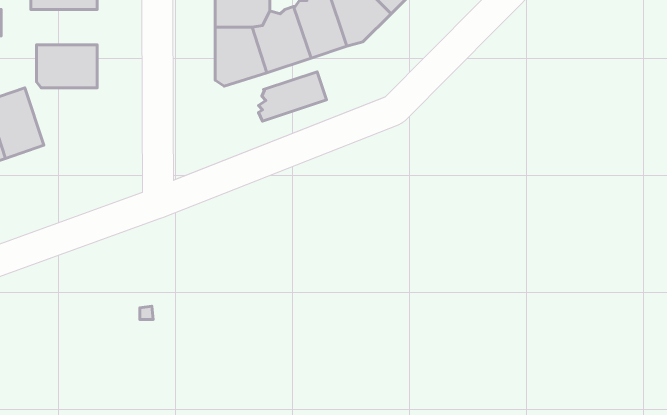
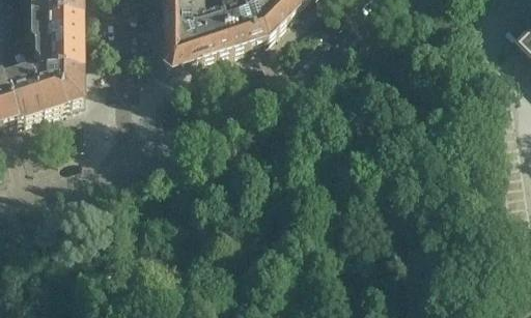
building: none -> [36,13,83,39]
building: [258,72,327,121] -> none
building: none -> [32,64,83,109]

